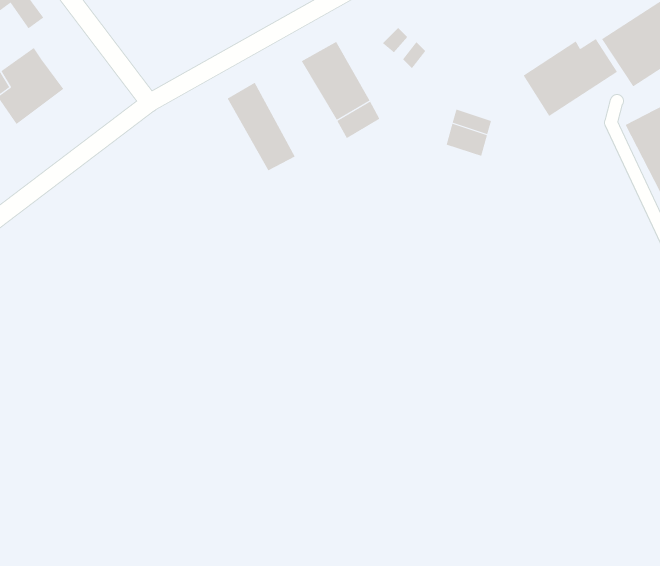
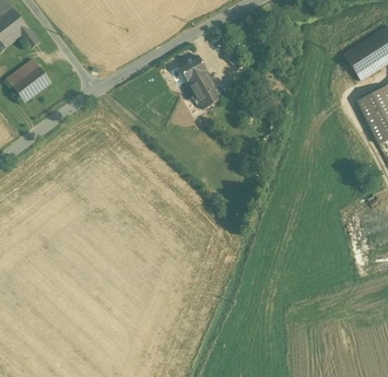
building: [523,38,618,117] -> none
building: [227,82,295,171] -> none

